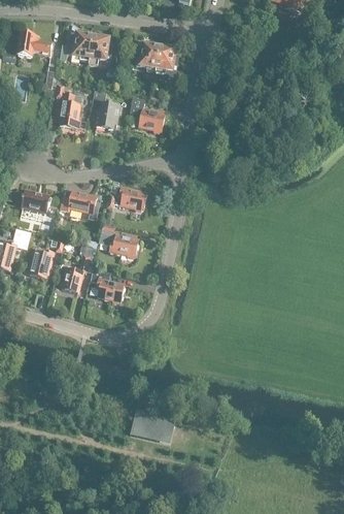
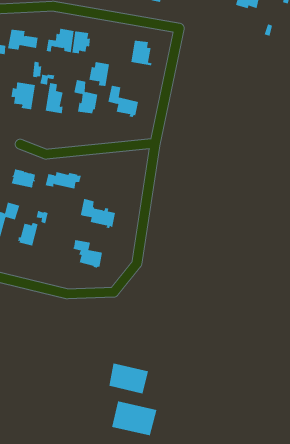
building: [135,43,159,71] -> [89,62,110,86]
building: none -> [11,81,36,110]
building: [106,188,146,212] -> none
building: [60,246,96,292] -> none
building: none -> [112,400,157,436]

